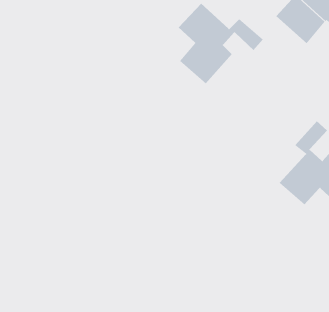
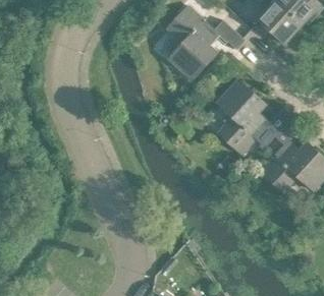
building: none -> [217,80,294,155]

